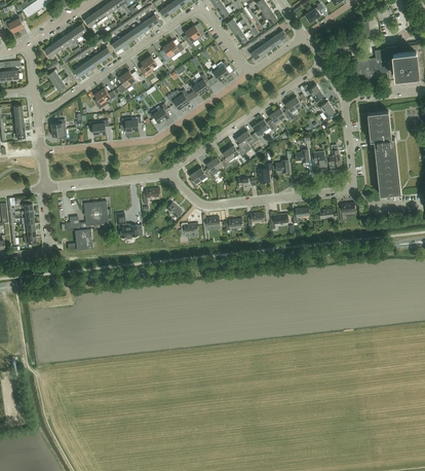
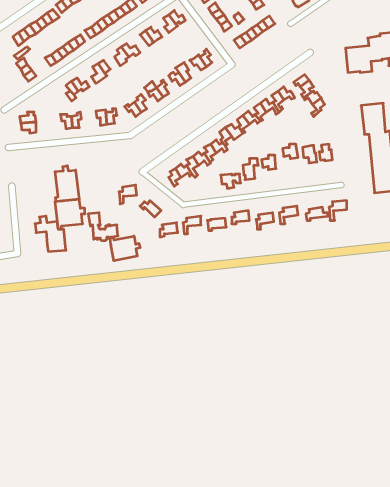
building: none -> [55,166,79,201]
building: none -> [110,236,140,261]

